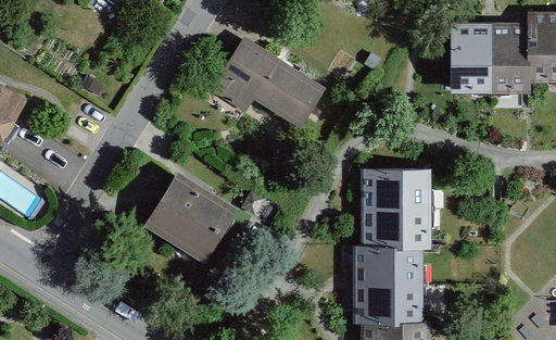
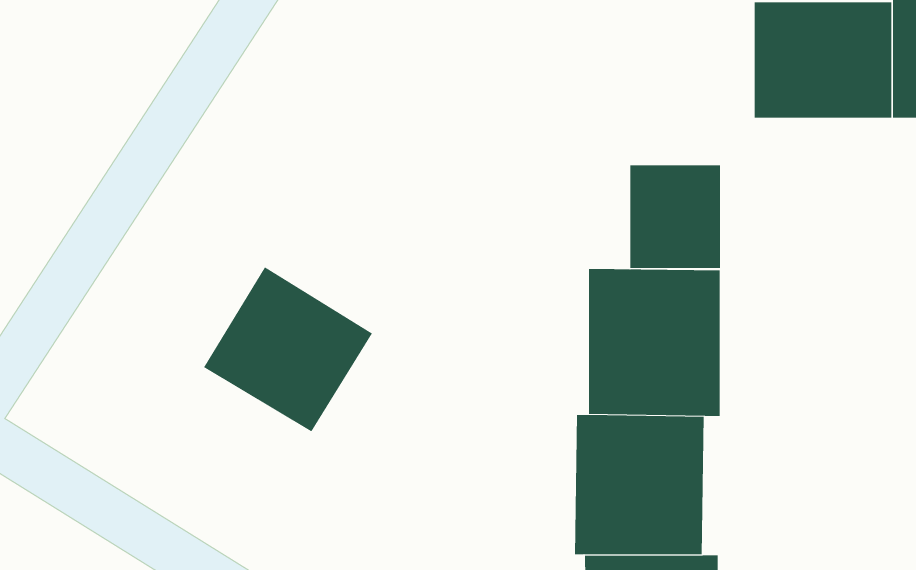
building: [212,33,329,125] -> none
building: none -> [630,165,721,269]

